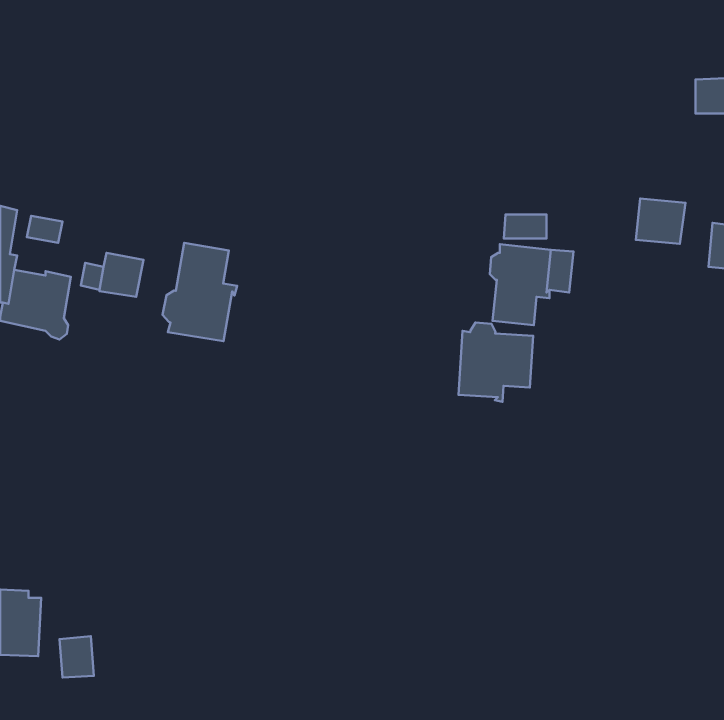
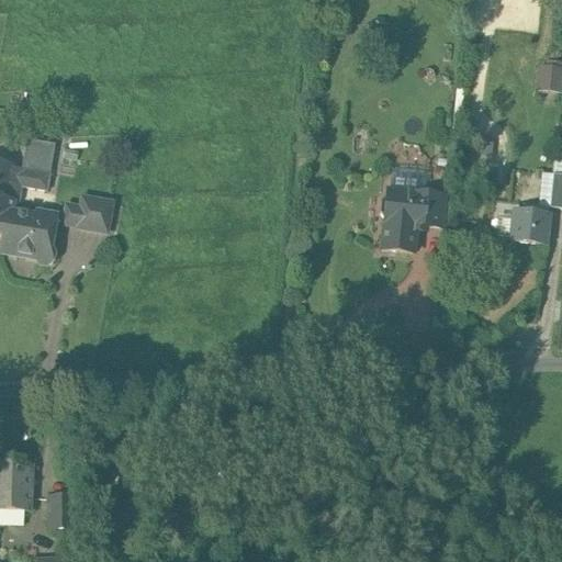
building: none -> [22,136,56,171]
building: [636,199,686,244] -> [508,210,547,245]
building: [163,243,237,341] -> none
building: [458,323,533,402] -> none

